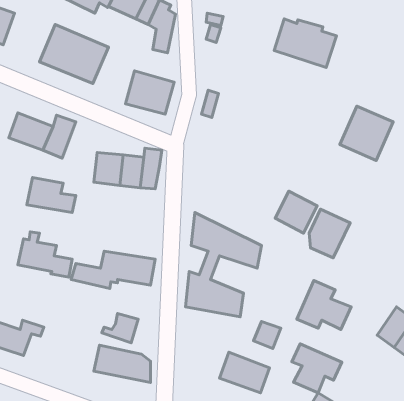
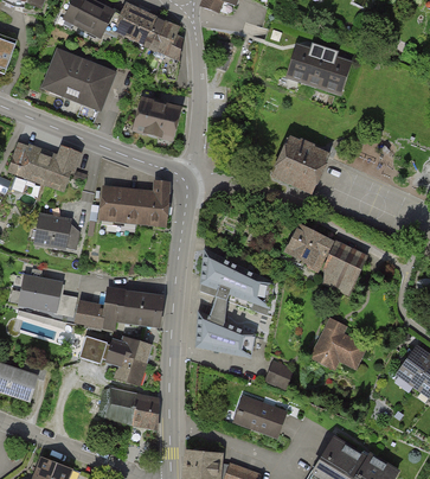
building: [340,106,393,161] -> [271,141,327,198]
building: none -> [78,334,149,364]
building: [292,344,342,393] -> none

